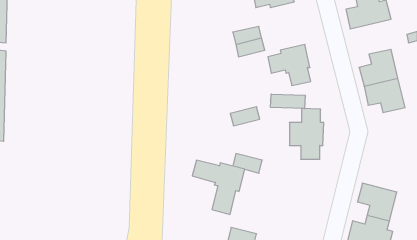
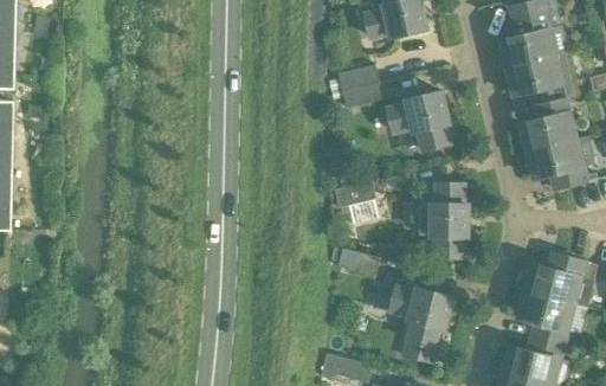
building: none -> [507,54,575,105]
building: [271,94,305,109] -> none
building: none -> [524,253,595,308]
building: [192,160,245,214] -> [376,284,452,362]

